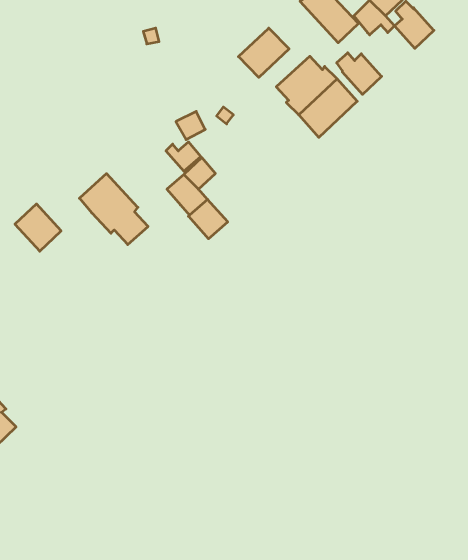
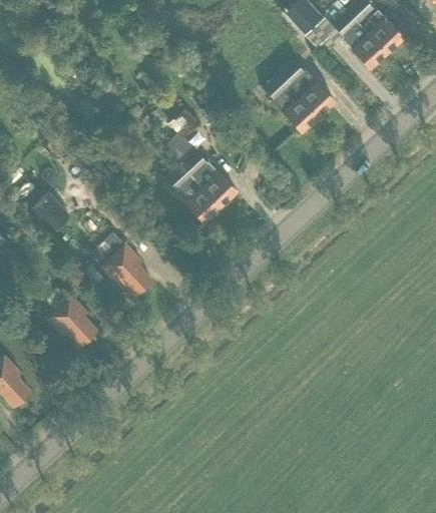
building: [238,28,289,77] -> none
building: [337,53,382,94] -> [347,33,387,70]
building: none -> [194,164,238,208]
building: [79,174,148,245] -> [91,232,152,296]
building: none -> [47,290,98,347]

